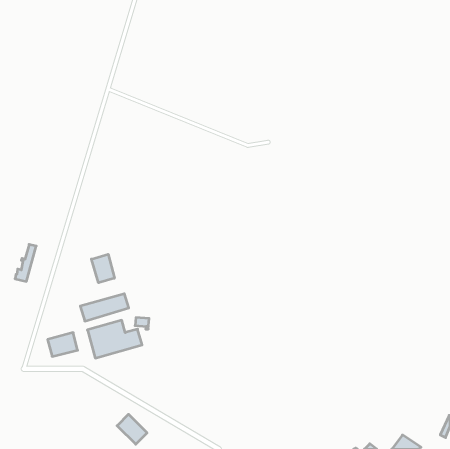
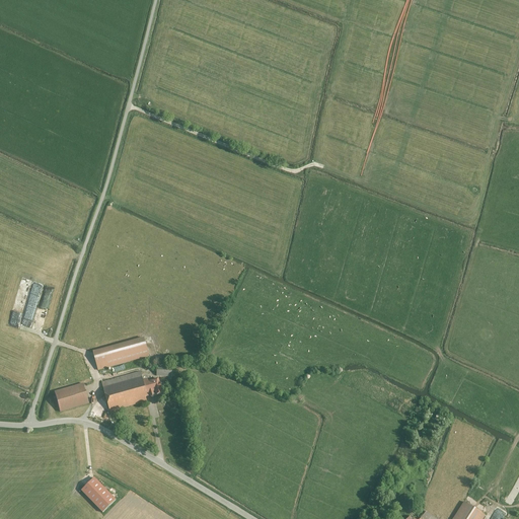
building: [91,254,114,283] -> none
building: [117,414,147,444] -> [80,477,115,512]

